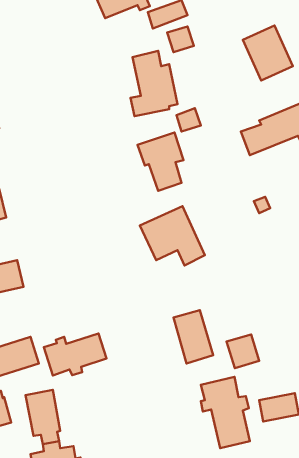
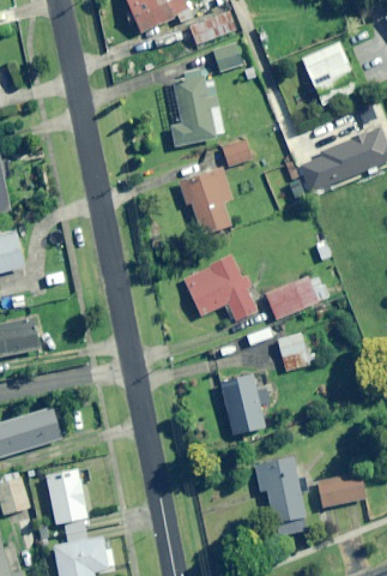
building: none -> [265,276,329,320]
building: [44,333,107,376] -> none
building: [227,334,259,368] -> [274,332,313,372]

